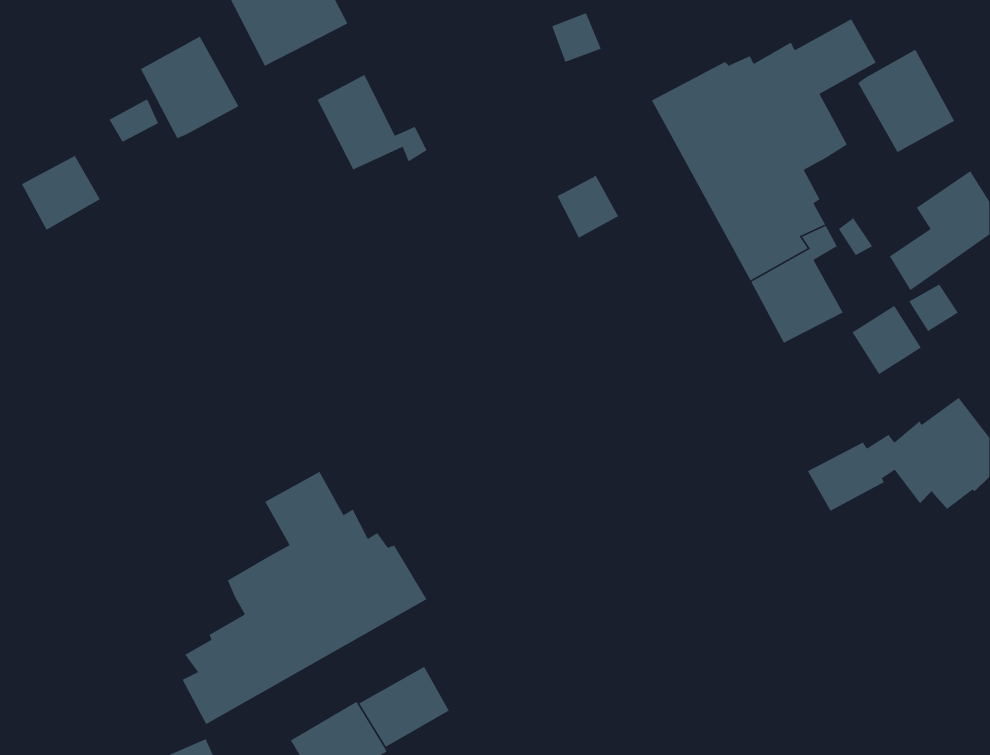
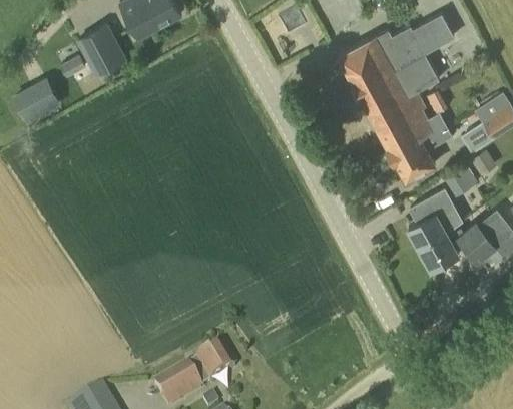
building: [857,49,955,153] -> none
building: [317,74,427,171] -> none
building: [556,175,619,239] -> none
building: none -> [408,189,463,247]
building: [181,471,427,725] -> none

